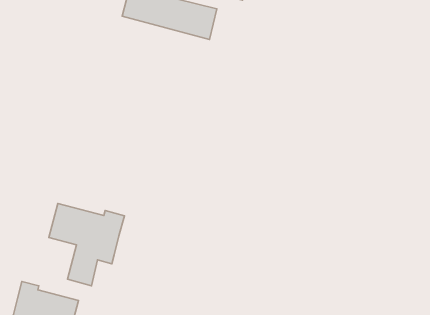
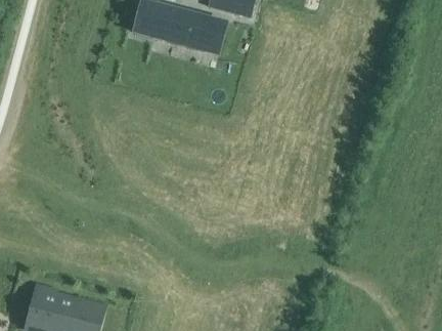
building: [49,204,125,286] -> none

